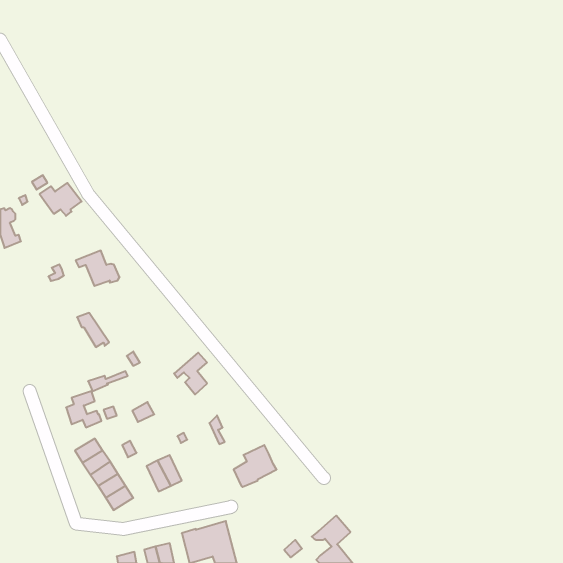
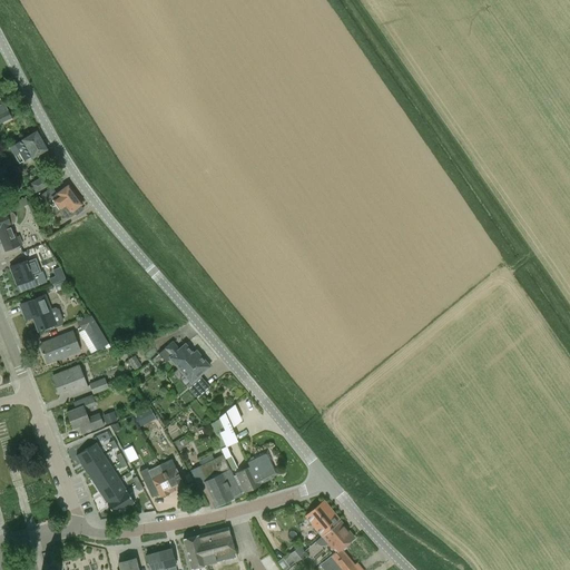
building: none -> [9,131,47,161]
building: [76,251,120,286] -> [19,295,63,331]
building: none -> [10,261,47,292]
building: none -> [41,332,79,363]
building: none -> [158,341,200,377]
building: none -> [52,366,87,394]
building: none -> [189,454,240,507]
building: none -> [305,501,340,537]

